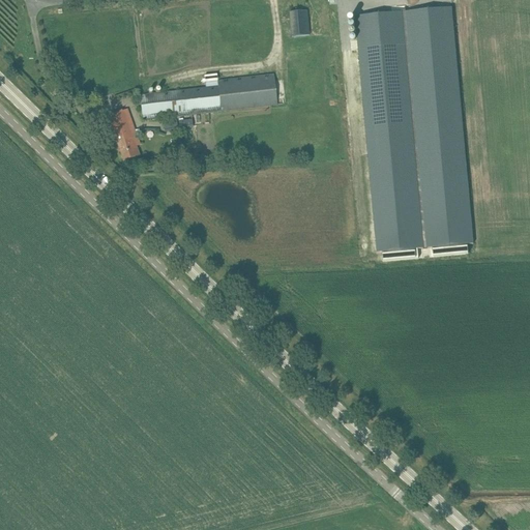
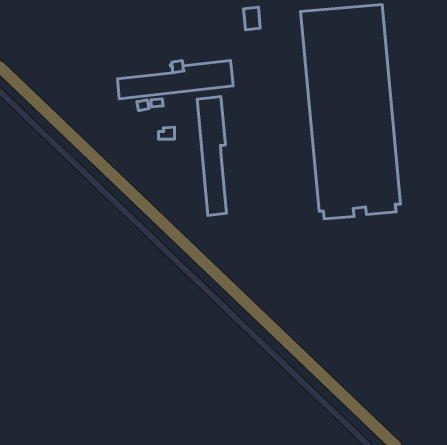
building: [107,106,138,158] -> none
building: none -> [197,97,227,215]

